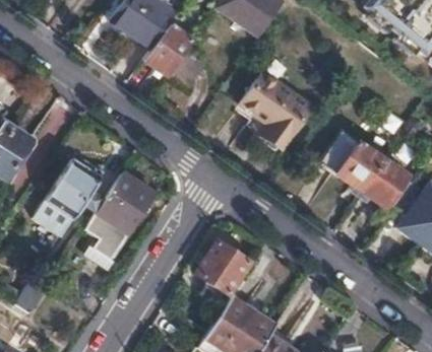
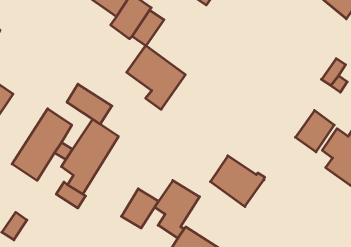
building: [244,73,313,148] -> [127,45,185,109]
building: none -> [67,84,112,124]
building: [322,131,386,191] -> [210,156,265,207]
building: none -> [121,189,159,228]

